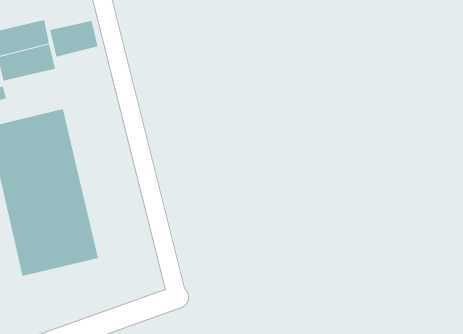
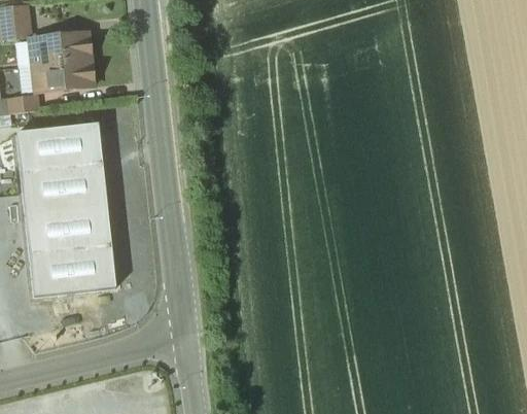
building: [49,20,98,57] -> none

